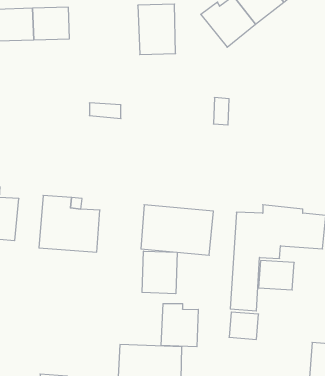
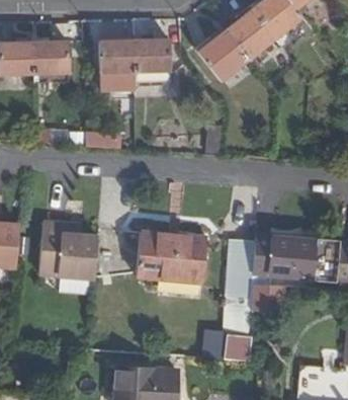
building: none -> [99,41,136,91]
building: [142,251,177,294] -> none
building: [161,304,198,347] -> none

